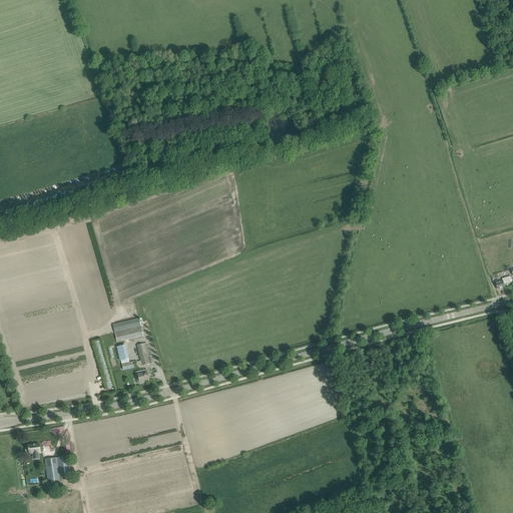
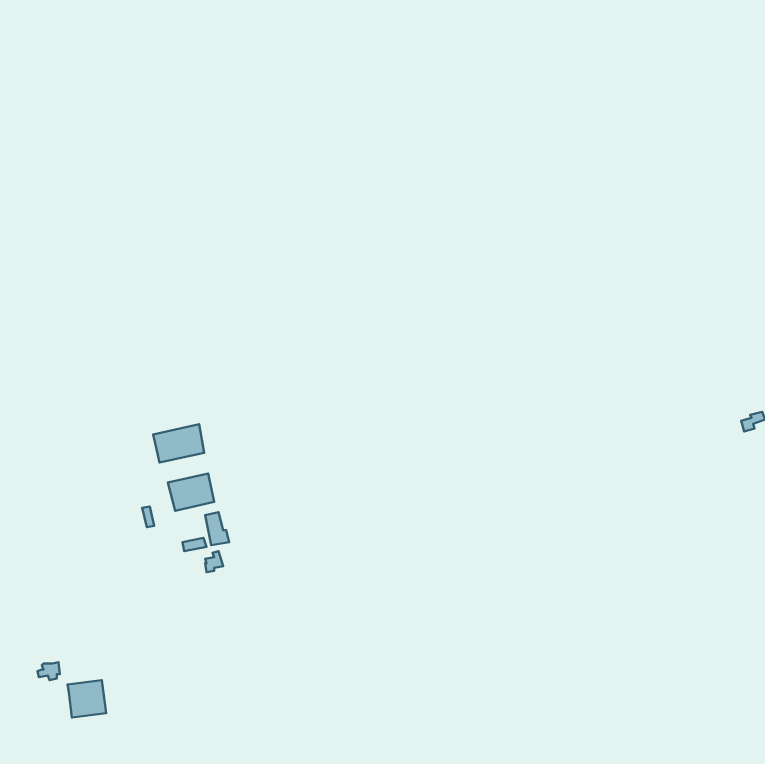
building: none -> [153,424,204,462]

